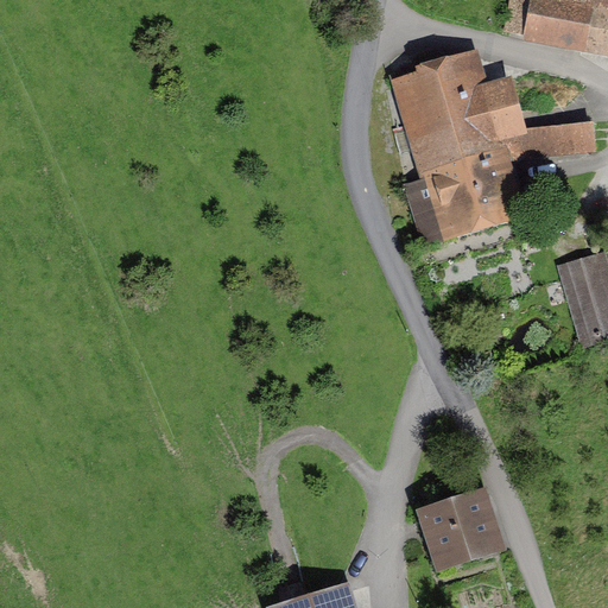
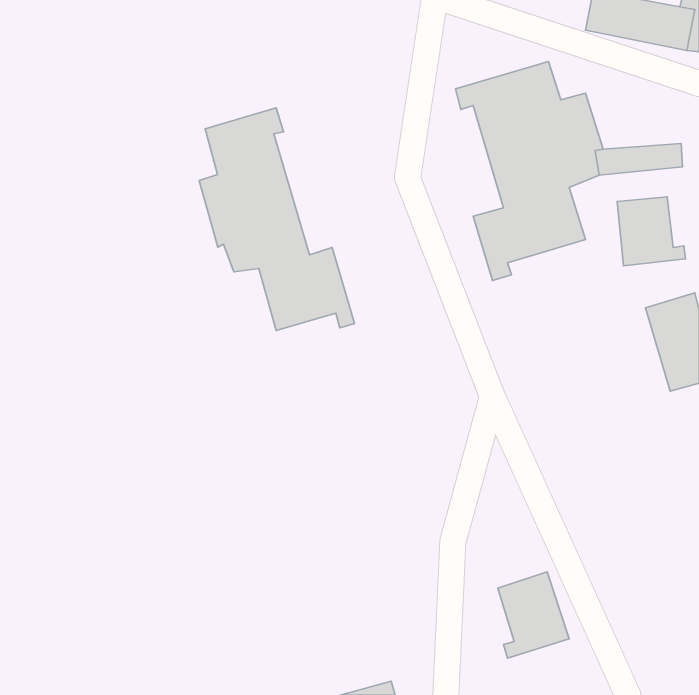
building: none -> [199,108,354,330]
building: none -> [617,197,685,266]

